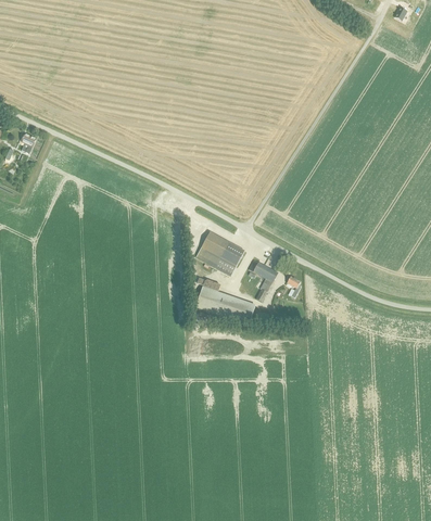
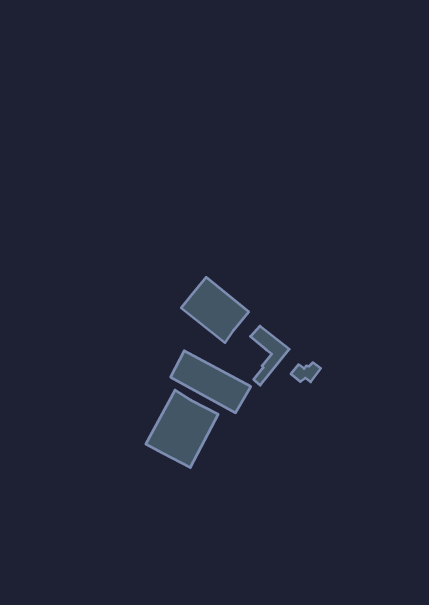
building: none -> [146,390,218,468]

